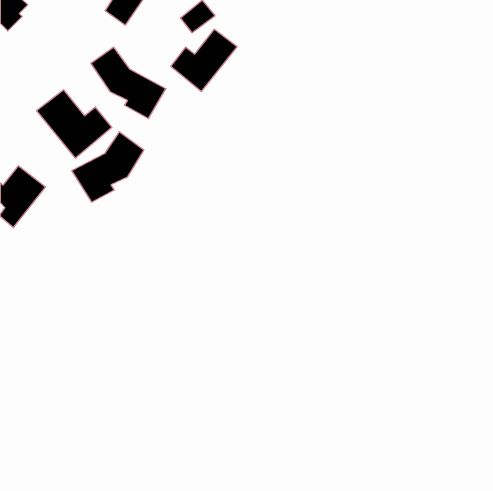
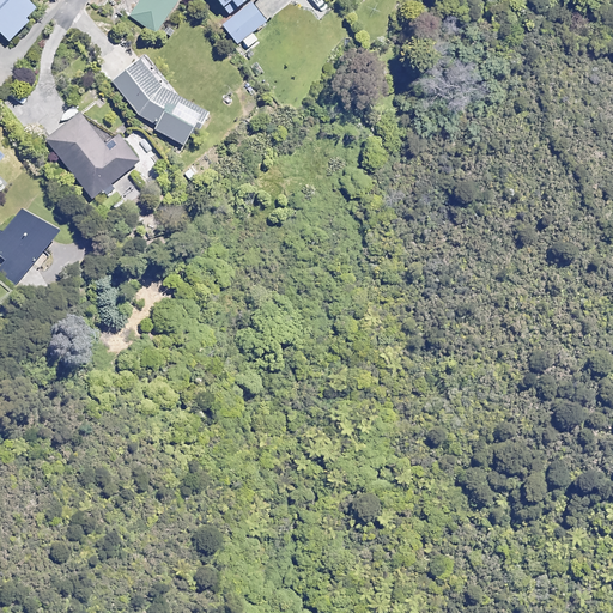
building: [171,29,237,92] -> none
building: [72,132,144,202] -> none

